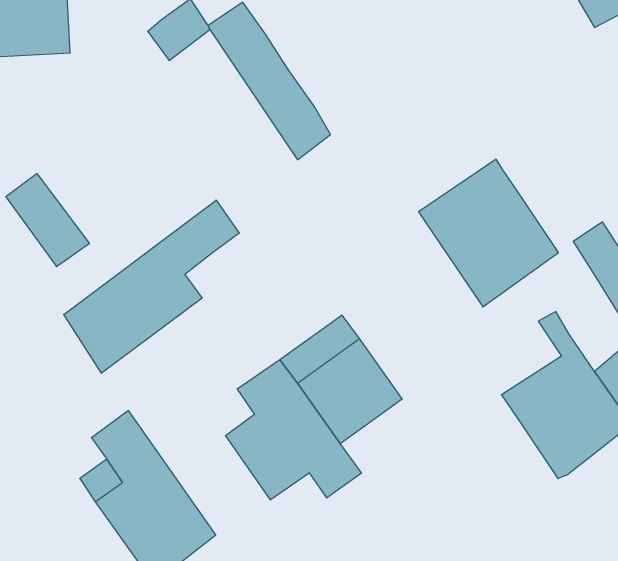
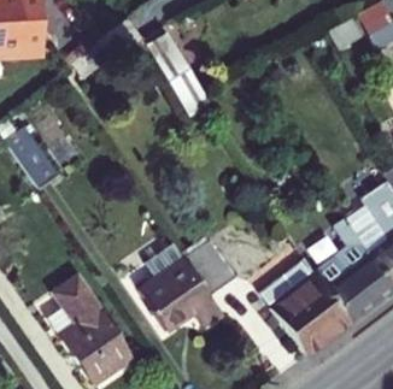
building: [419,159,558,307] -> [260,264,347,355]
building: [64,200,239,373] -> none

